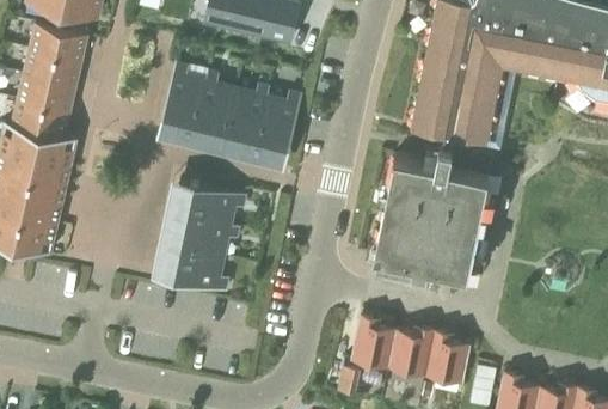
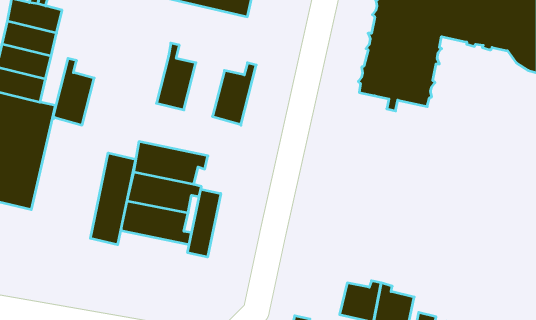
building: [159,66,204,139] -> [52,58,94,125]
building: [221,86,269,153] -> none
building: [374,145,493,287] -> none
building: none -> [90,153,135,245]
building: none -> [188,189,221,257]
building: [354,319,399,370] -> none

